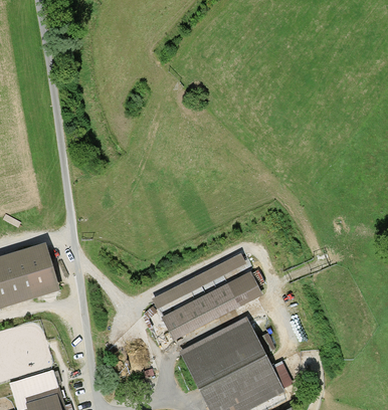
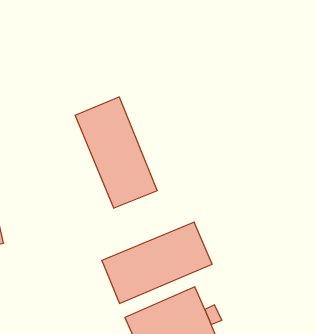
building: none -> [75,97,157,208]

